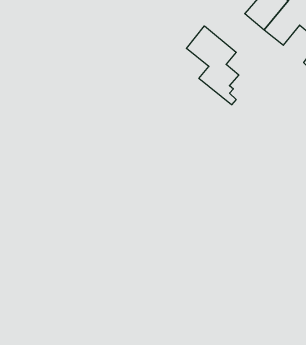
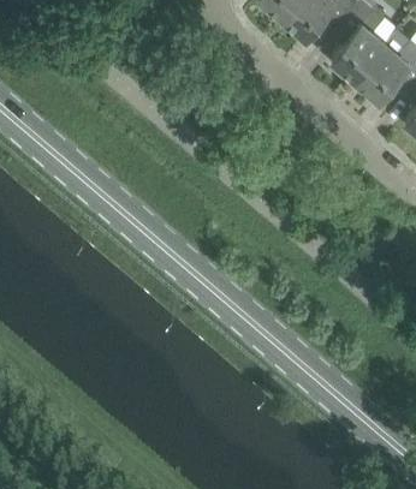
building: [186,26,239,105] -> none

